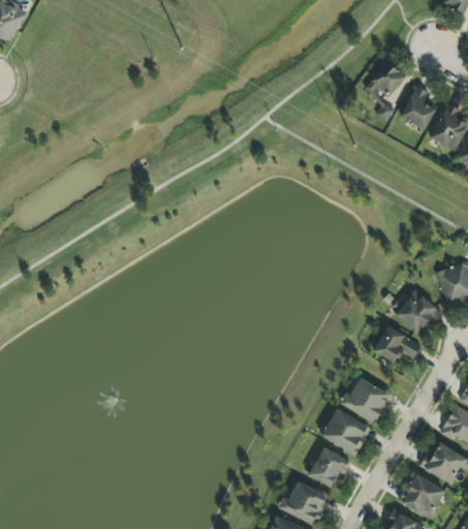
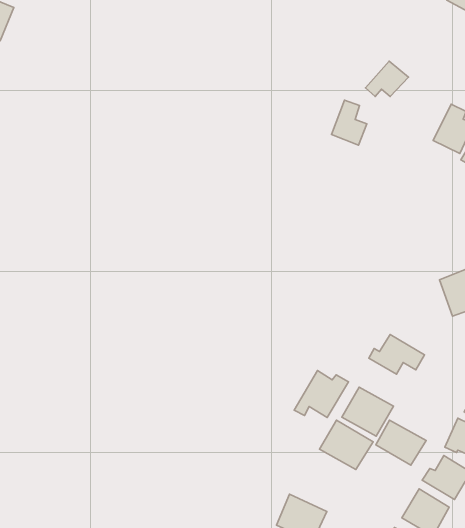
building: [402,86,436,129] -> [332,100,367,145]
building: [395,290,442,334] -> none
building: none -> [294,371,348,417]
building: none -> [376,420,426,465]
building: [308,447,348,489] -> none

